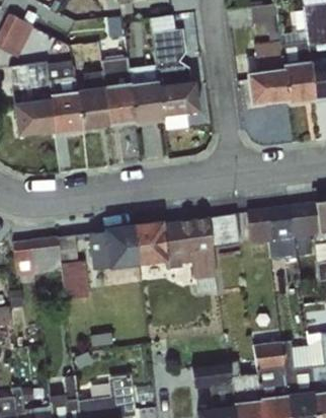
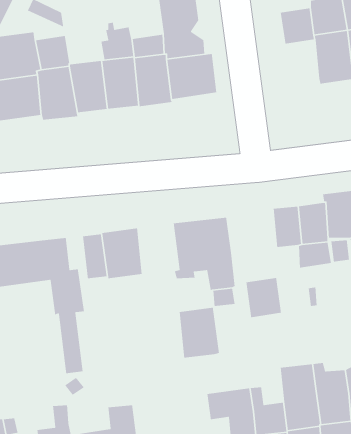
building: [245,68,286,106] -> none
building: [209,213,239,248] -> [246,277,282,318]
building: [134,222,168,266] -> [179,307,220,358]

